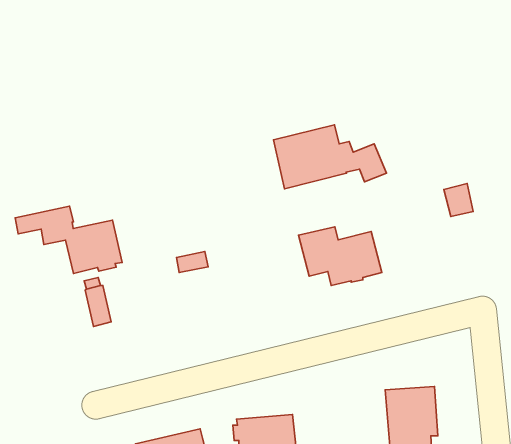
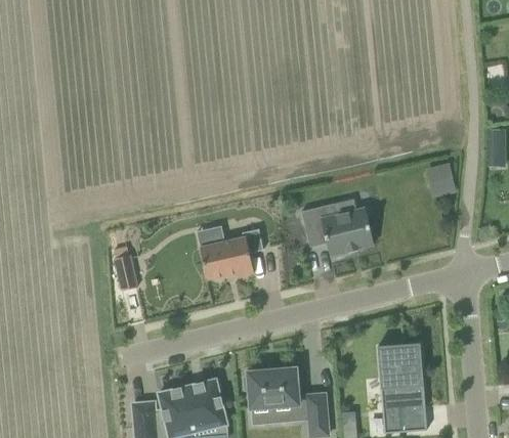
building: [274,125,386,189] -> none
building: [15,206,122,274] -> none
building: none -> [200,229,263,279]

